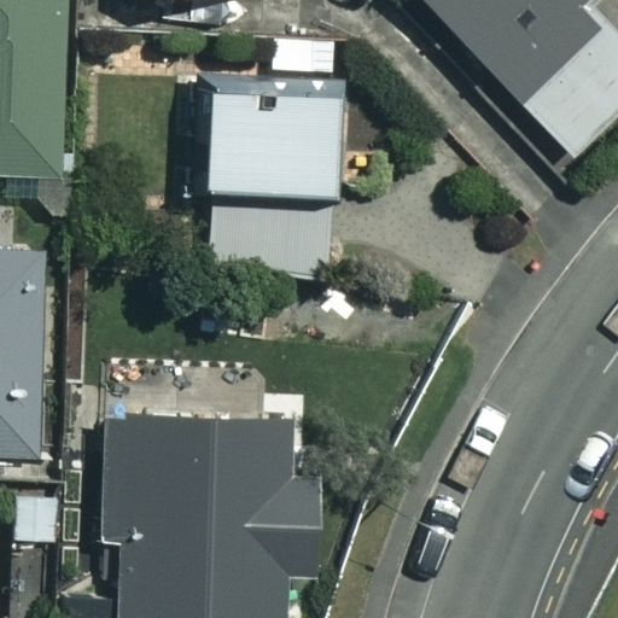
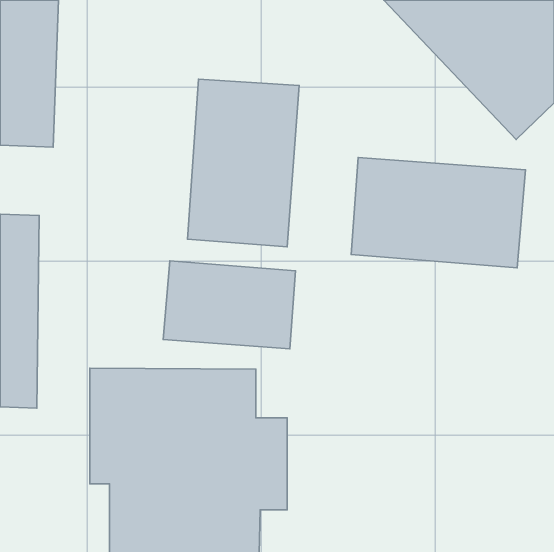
building: none -> [351,157,525,268]
building: none -> [163,261,295,349]

